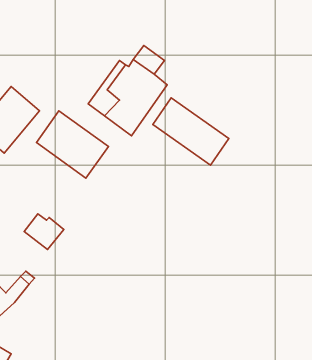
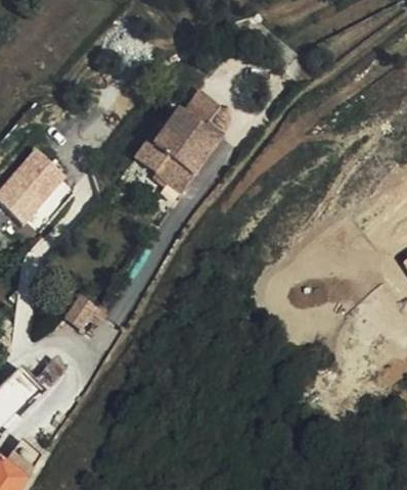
building: [153,98,229,165] -> none
building: [36,111,108,178] -> none

